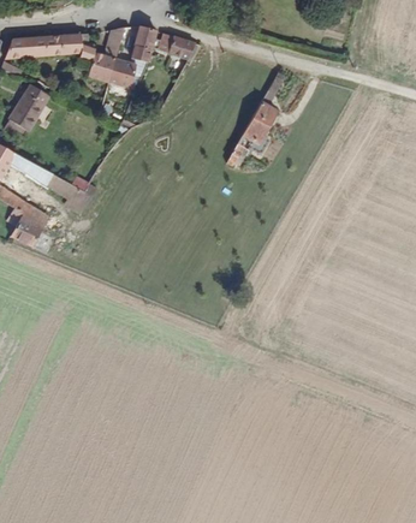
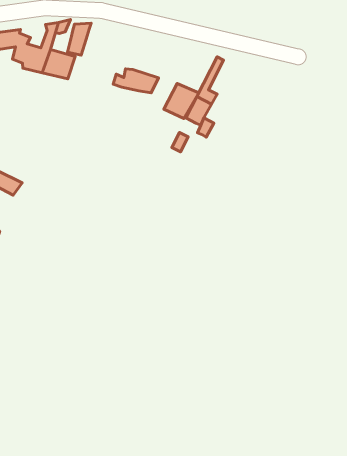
building: [149,32,195,58] -> [113,69,159,93]
building: none -> [164,84,199,119]

